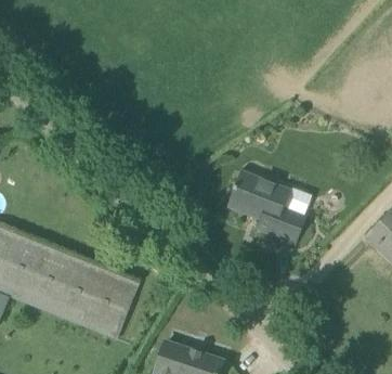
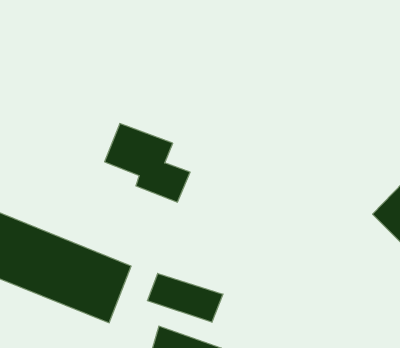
building: [227,171,308,245] -> [105,124,190,202]
building: none -> [147,273,223,322]

